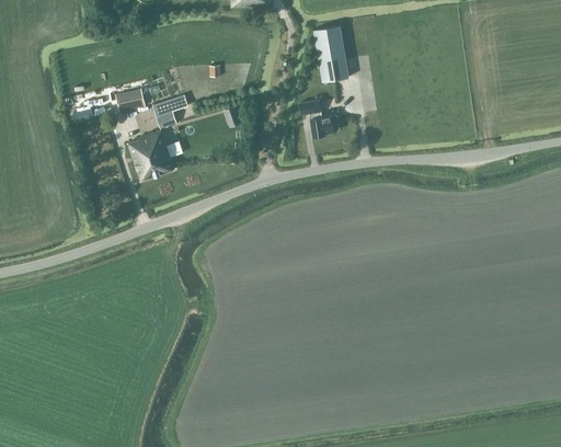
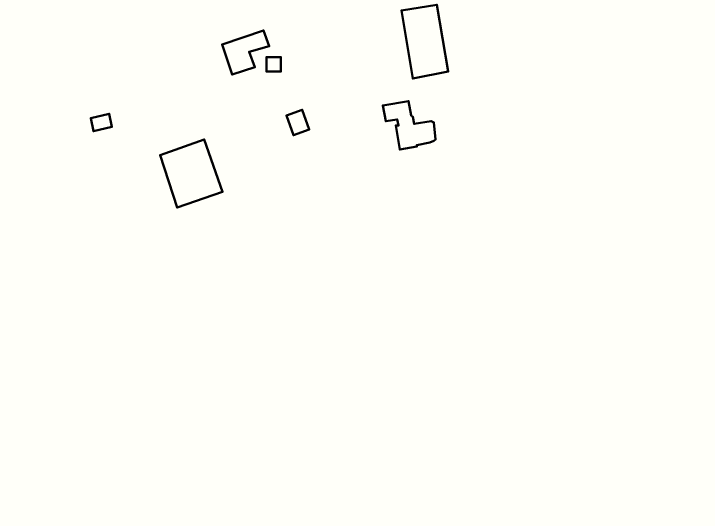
building: [114,87,145,111] -> none
building: [151,93,187,127] -> [222,30,269,74]

